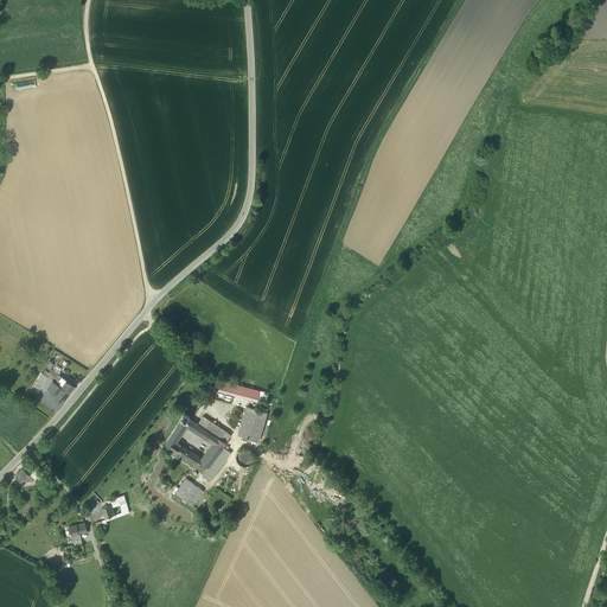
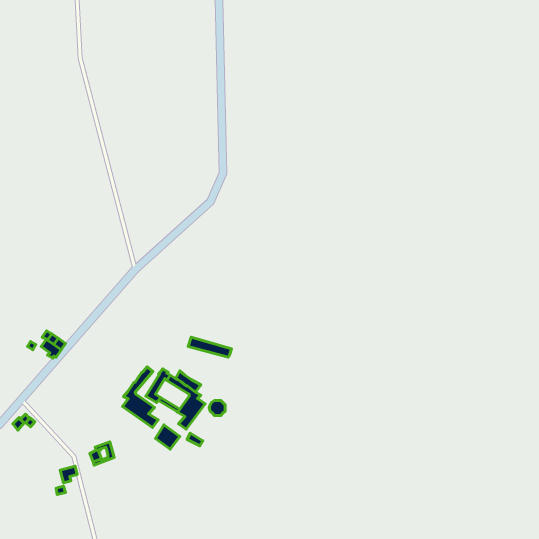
building: [237,408,266,442] -> none
building: none -> [122,367,158,428]

